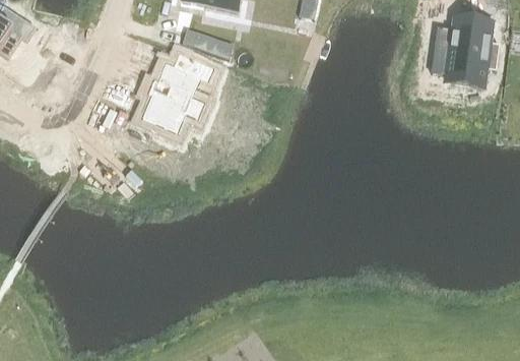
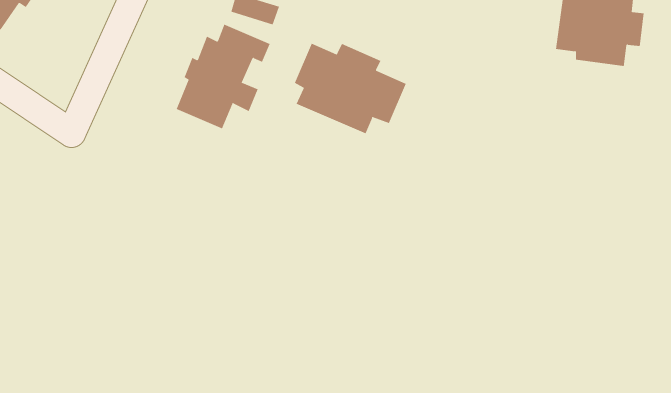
building: none -> [294,43,406,134]

